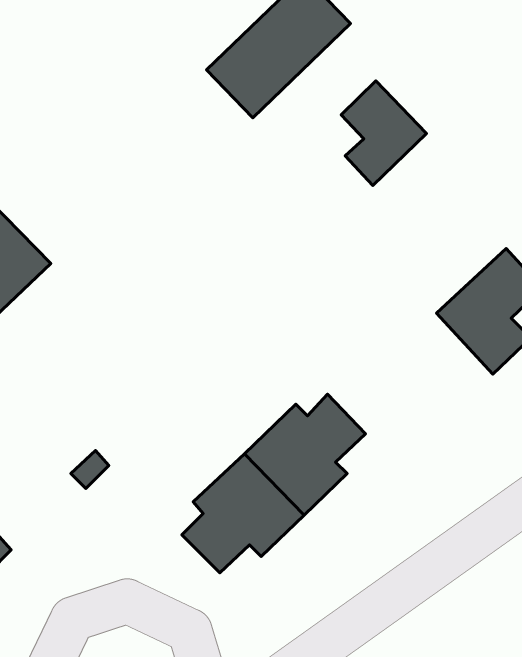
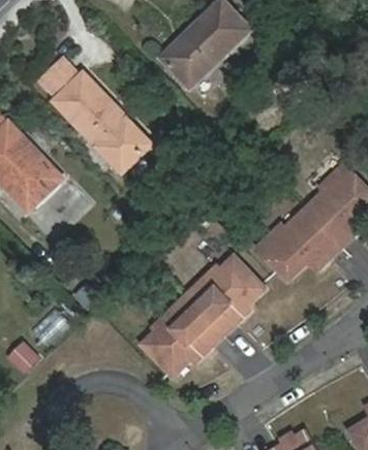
building: none -> [40,58,153,171]
building: [341,81,426,185] -> none
building: none -> [260,208,339,275]

